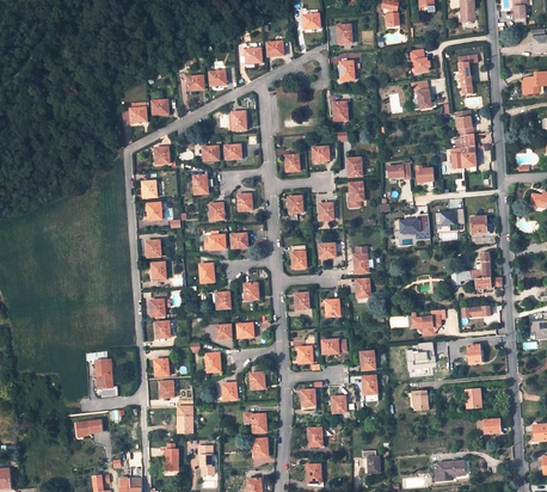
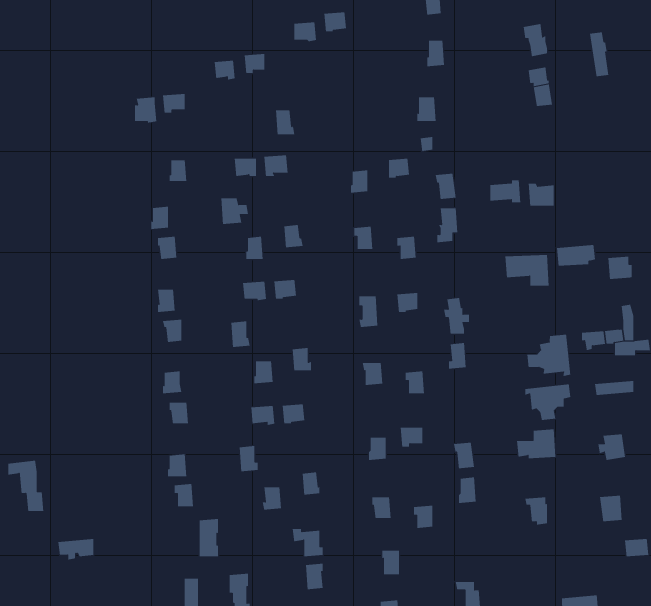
building: [449,116,479,168] -> none
building: none -> [527,334,571,377]
building: [86,351,112,388] -> [7,460,44,512]

